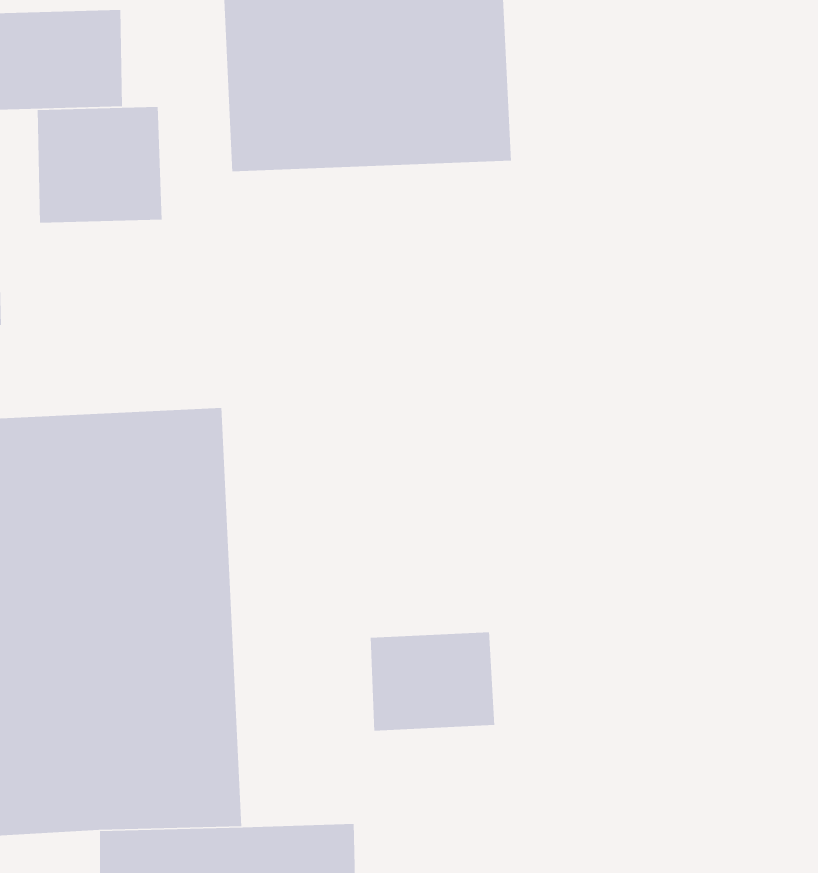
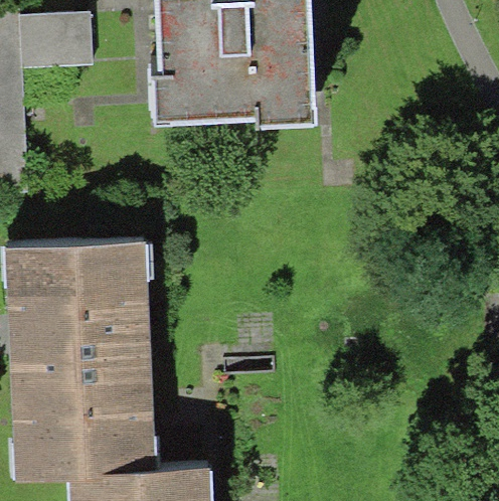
building: [37,106,163,224] -> none
building: [370,632,495,731] -> none

